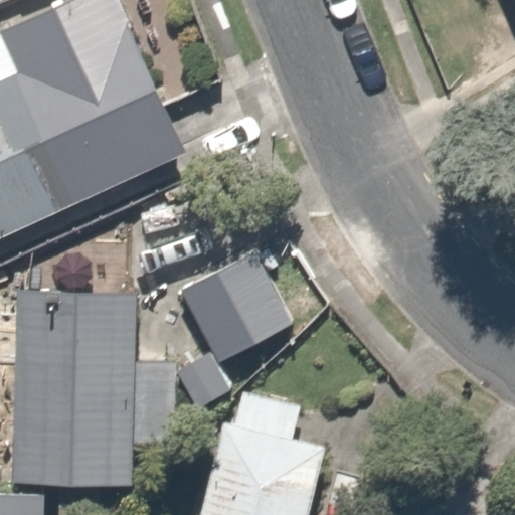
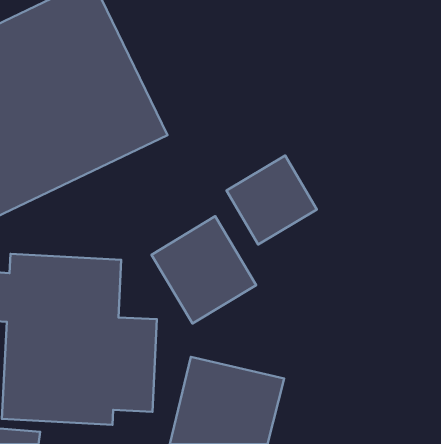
building: none -> [227,156,317,244]

